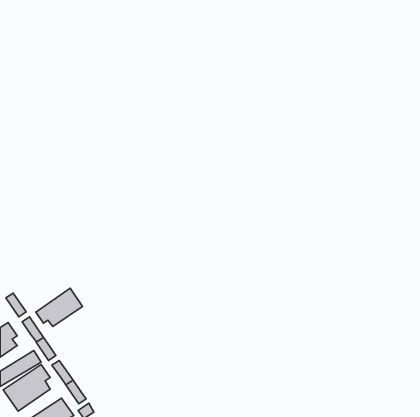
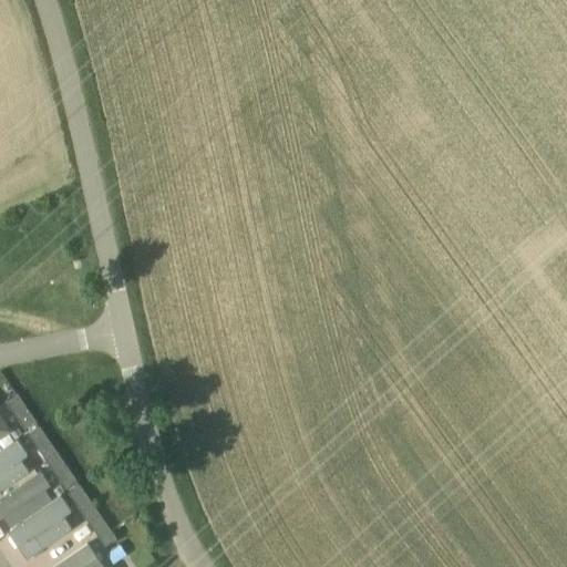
building: [36,288,82,326] -> none

